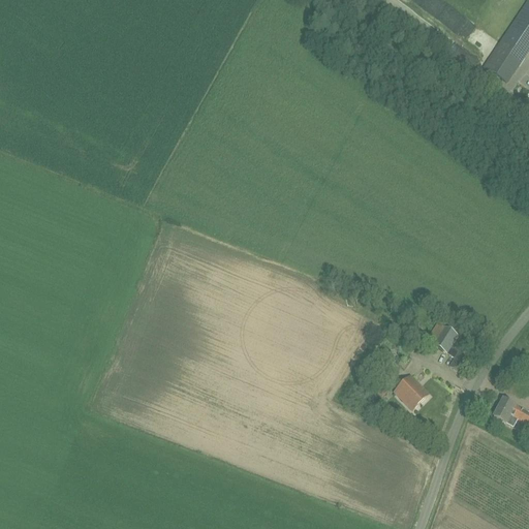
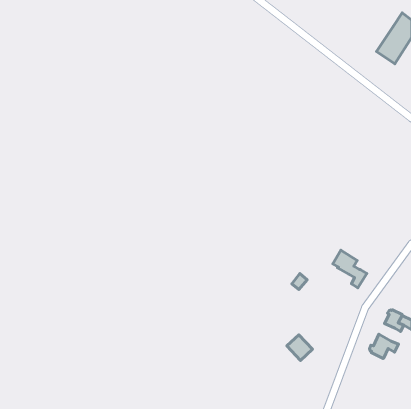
building: [396,374,429,407] -> [287,335,312,361]
building: none -> [370,334,399,358]

